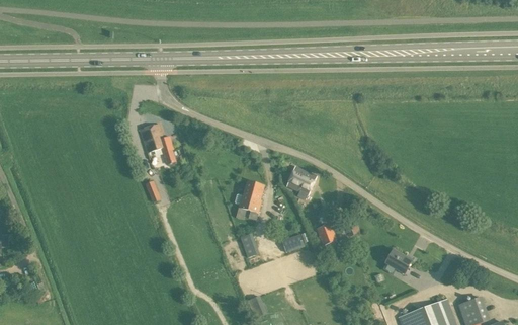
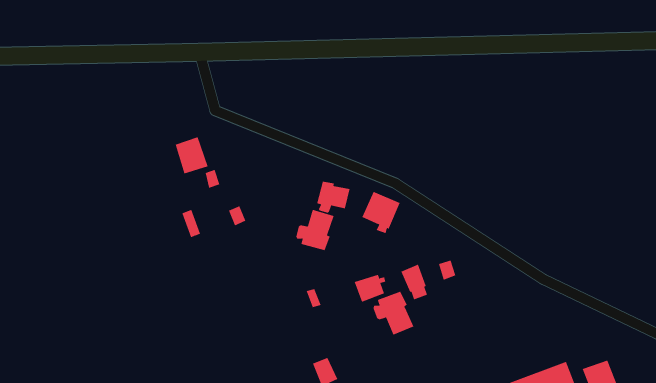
building: none -> [316,181,350,214]
building: none -> [373,291,414,336]
building: [384,249,412,274] -> none

